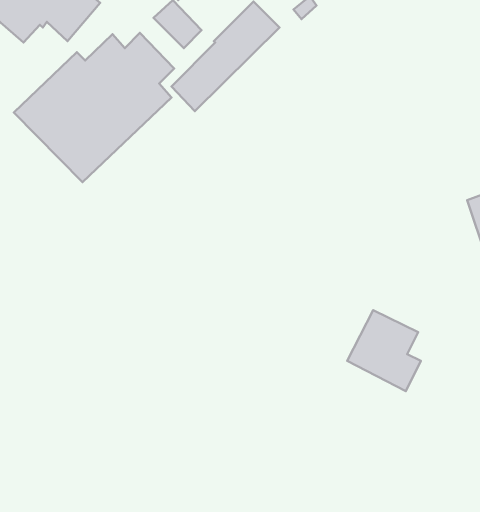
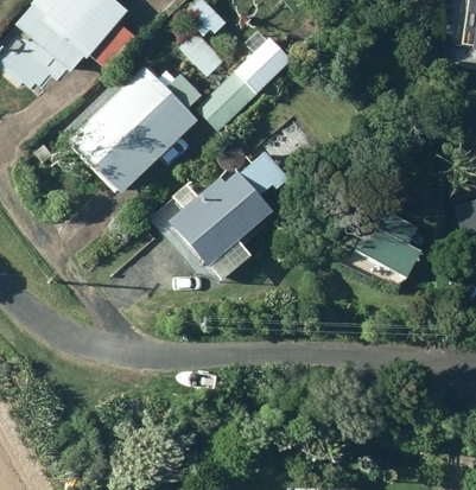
building: none -> [171,155,280,281]
building: [347,310,421,391] -> [355,208,419,278]

